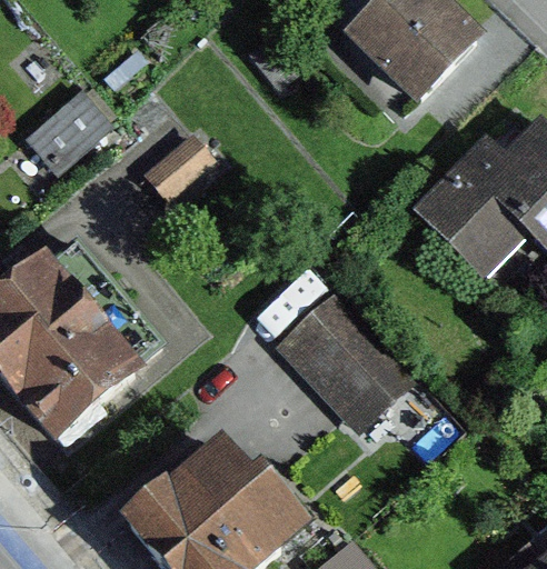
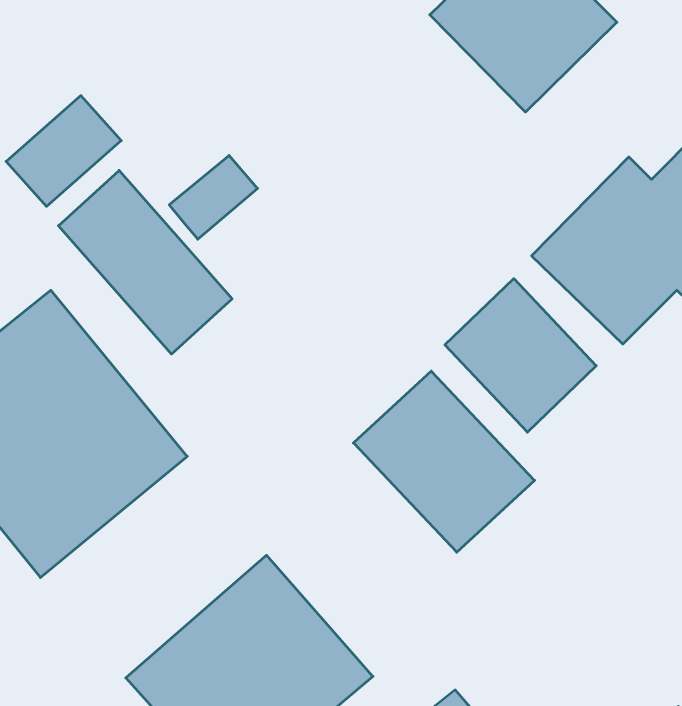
building: none -> [58,170,232,354]
building: none -> [445,279,596,432]

